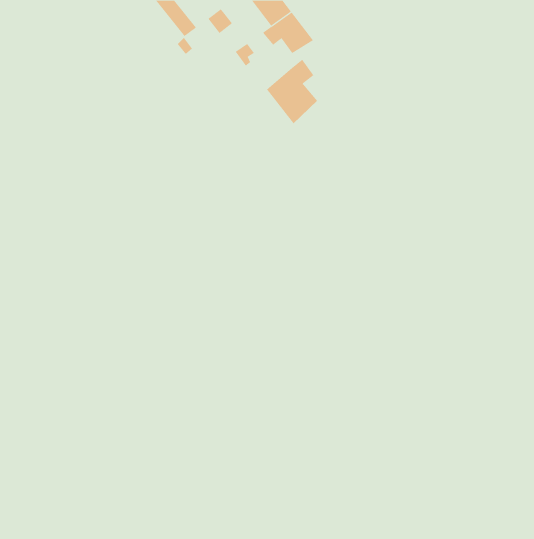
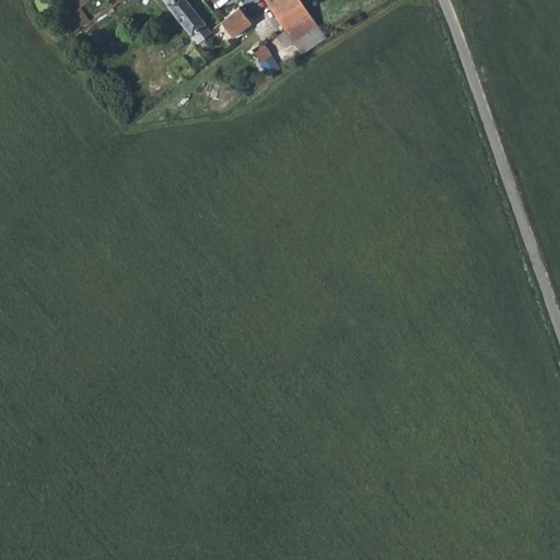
building: [266,59,318,124] -> none

